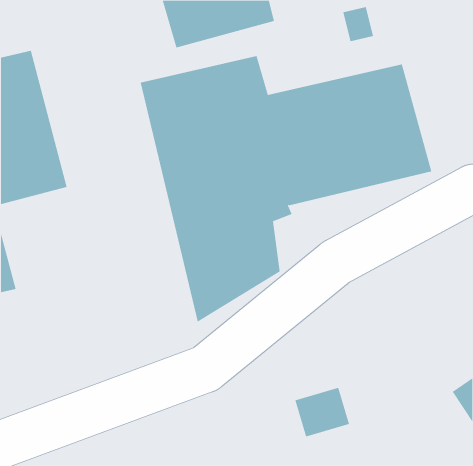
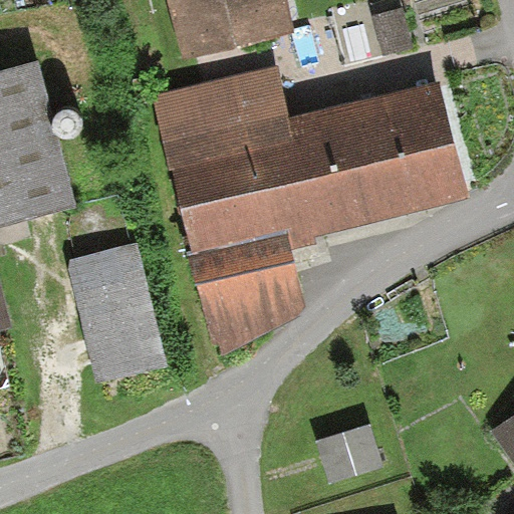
building: none -> [66,243,163,381]

